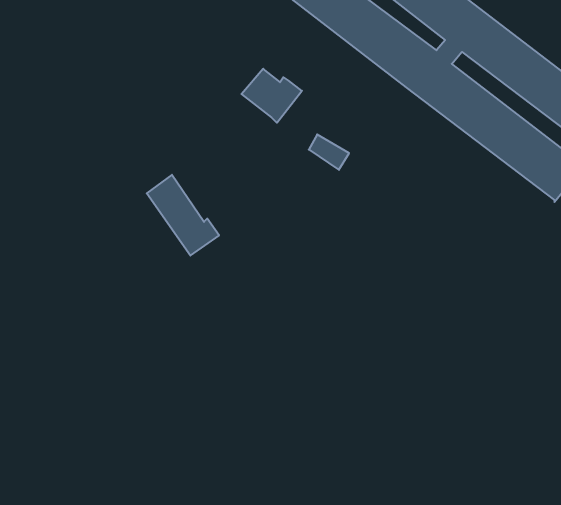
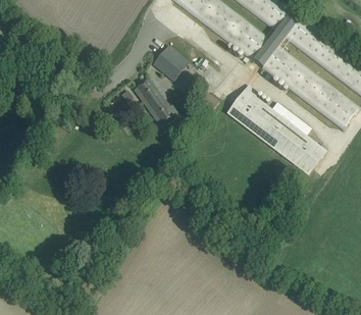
building: none -> [226,85,326,174]
building: [147,175,219,256] -> [134,77,177,126]

